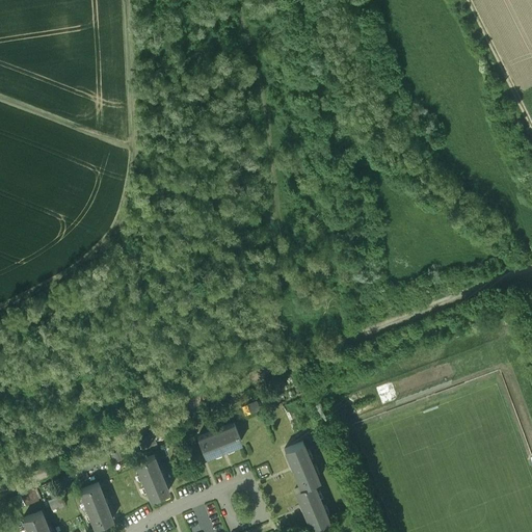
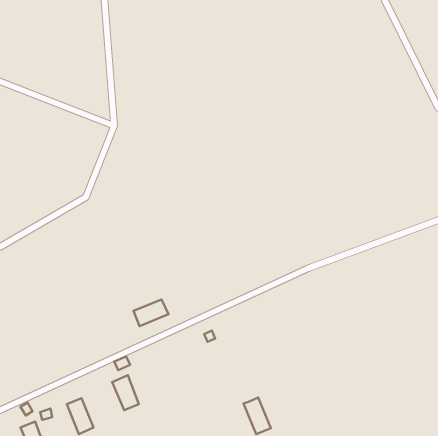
building: [198,426,241,458] -> [133,300,168,326]
building: [285,444,319,489] -> none

